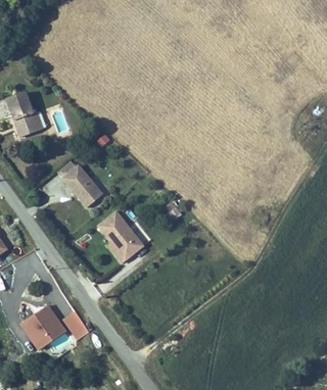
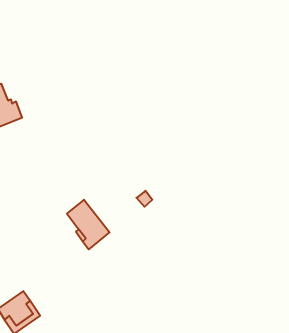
building: [55,159,100,207] -> none
building: [62,310,91,340] -> none

